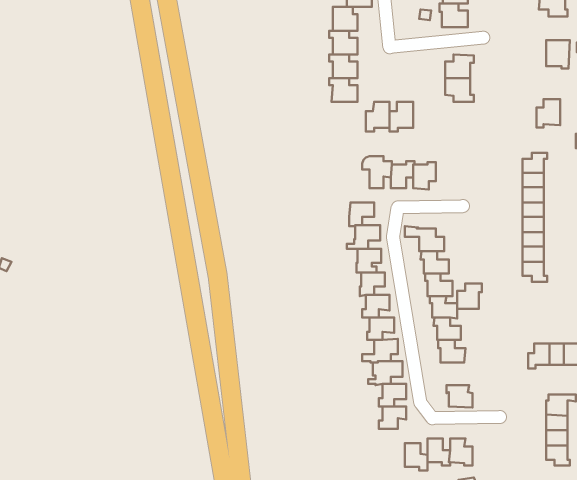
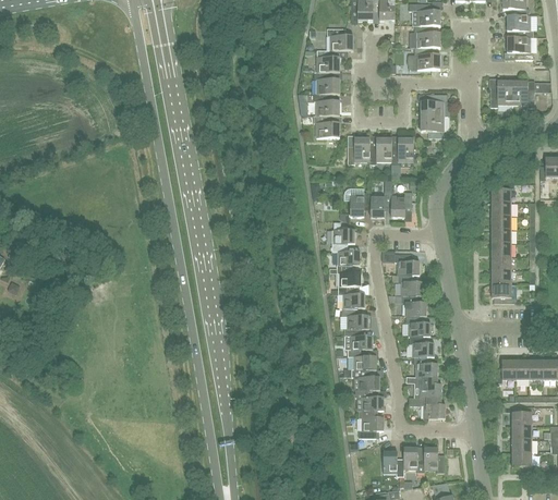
building: [536,99,560,128] -> [490,80,512,106]
building: none -> [390,137,413,178]
building: [457,283,482,309] -> none
building: none -> [416,376,441,397]

